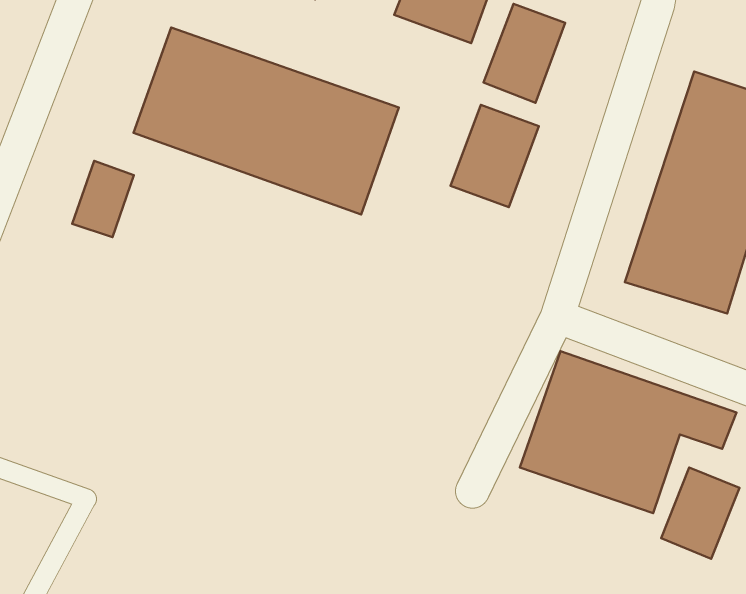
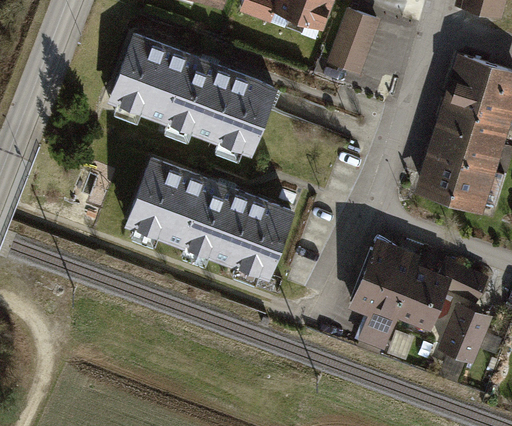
building: [451,105,539,207] -> none
building: [72,161,134,237] -> none
building: none -> [124,155,292,273]

